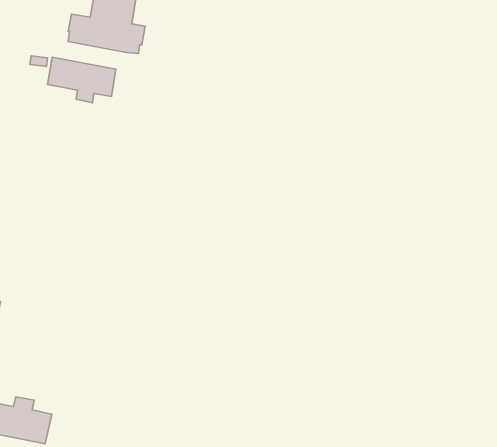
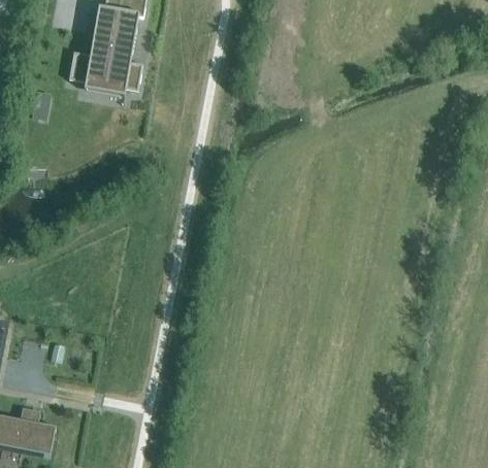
building: [48,57,116,103] -> none

